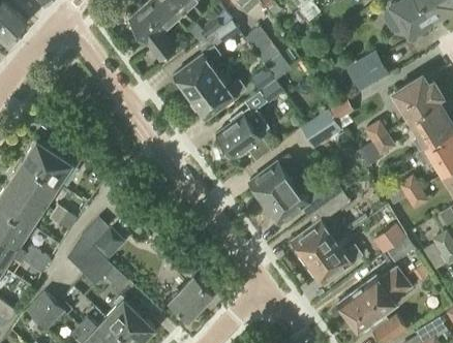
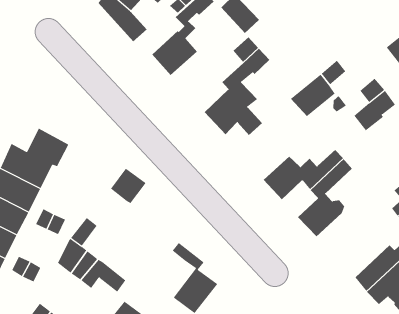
building: [345,51,389,92] -> none
building: [190,76,244,119] -> none
building: [249,155,294,202] -> none
building: [90,227,124,261] -> [110,168,146,204]
building: [308,242,360,283] -> none

